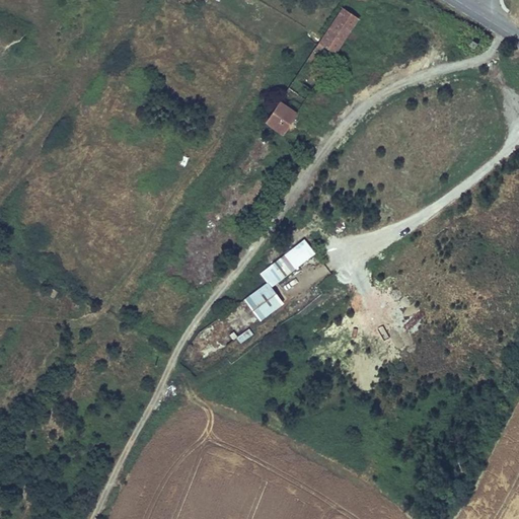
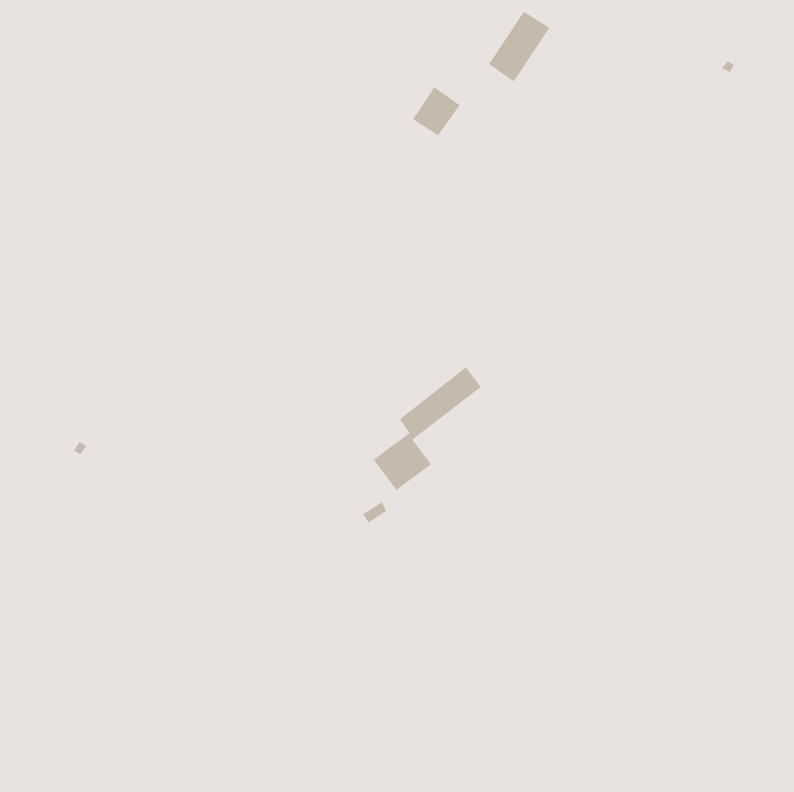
building: [266,100,297,133] -> [412,87,460,136]

